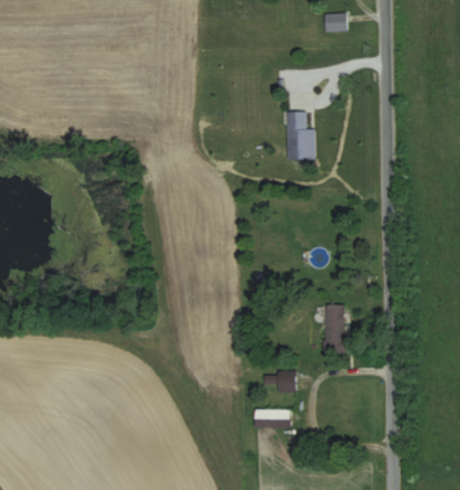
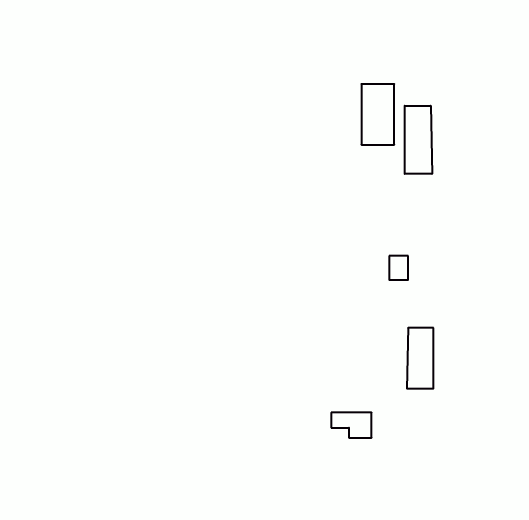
building: none -> [405,106,432,174]
building: [255,409,290,428] -> none

